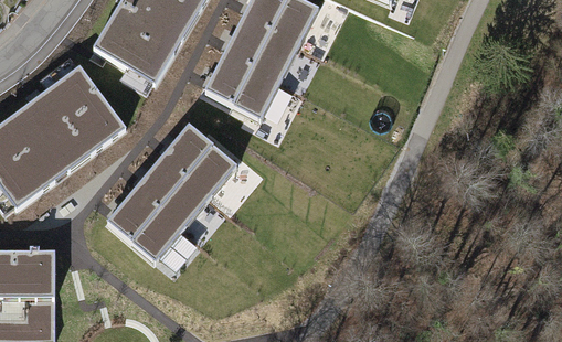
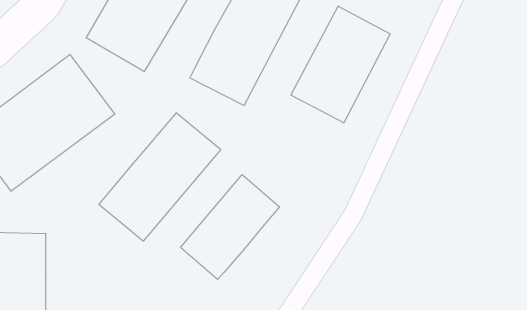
building: none -> [291,6,390,123]
building: none -> [181,175,279,280]

